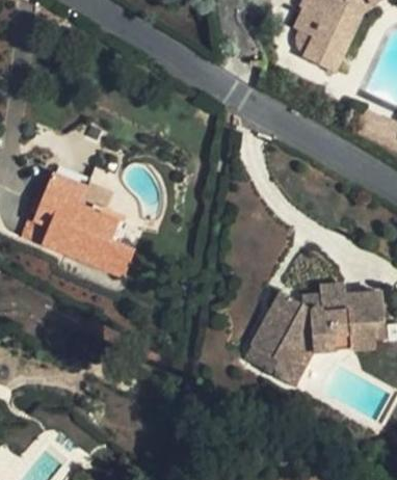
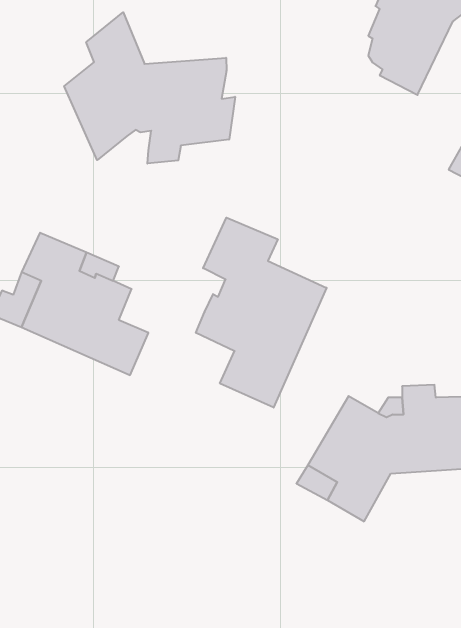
building: none -> [64,12,235,164]
building: none -> [196,218,327,408]

